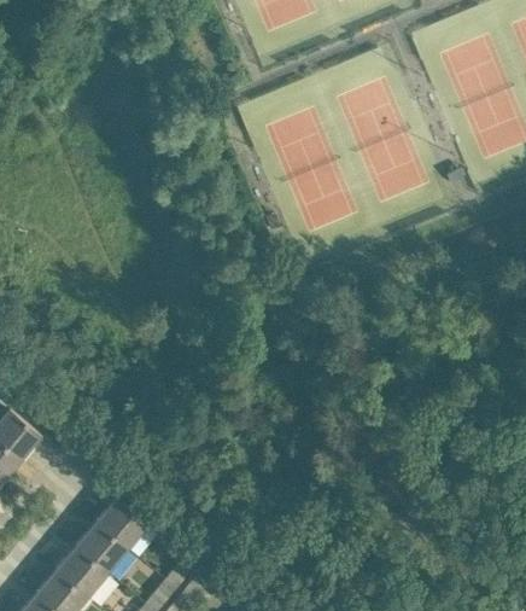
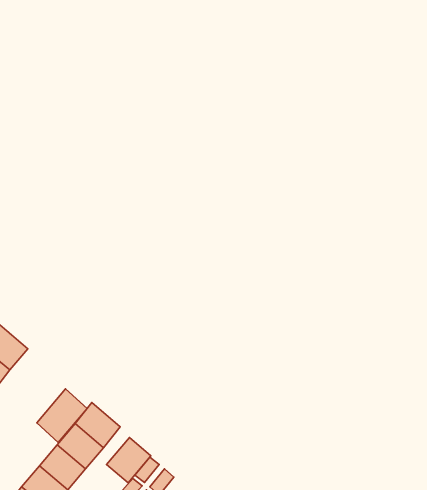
building: none -> [37,389,87,443]
building: none -> [107,437,151,483]

